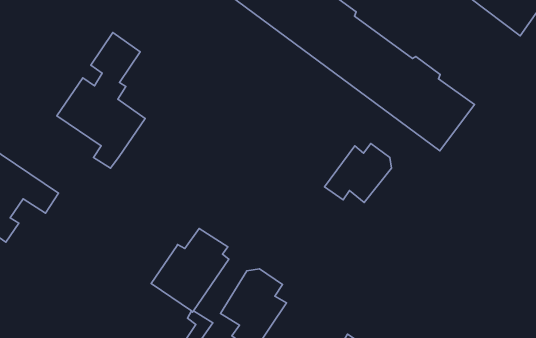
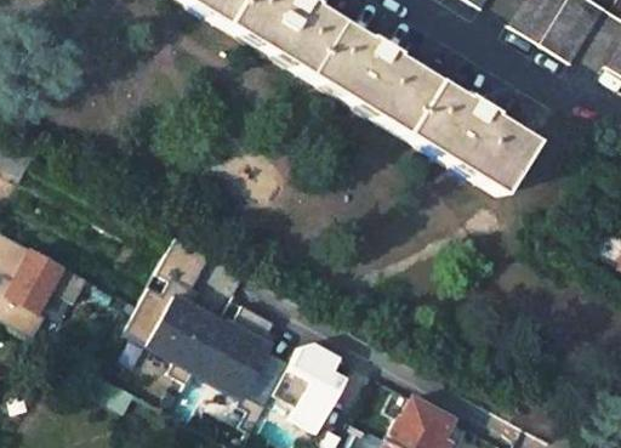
building: [57,32,145,168] -> [127,232,223,379]
building: [324,143,391,202] -> none

